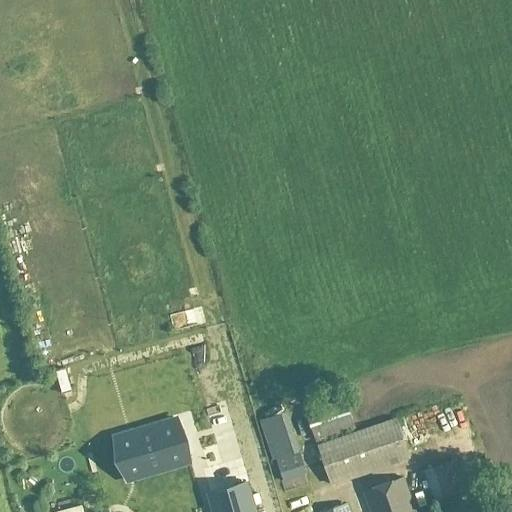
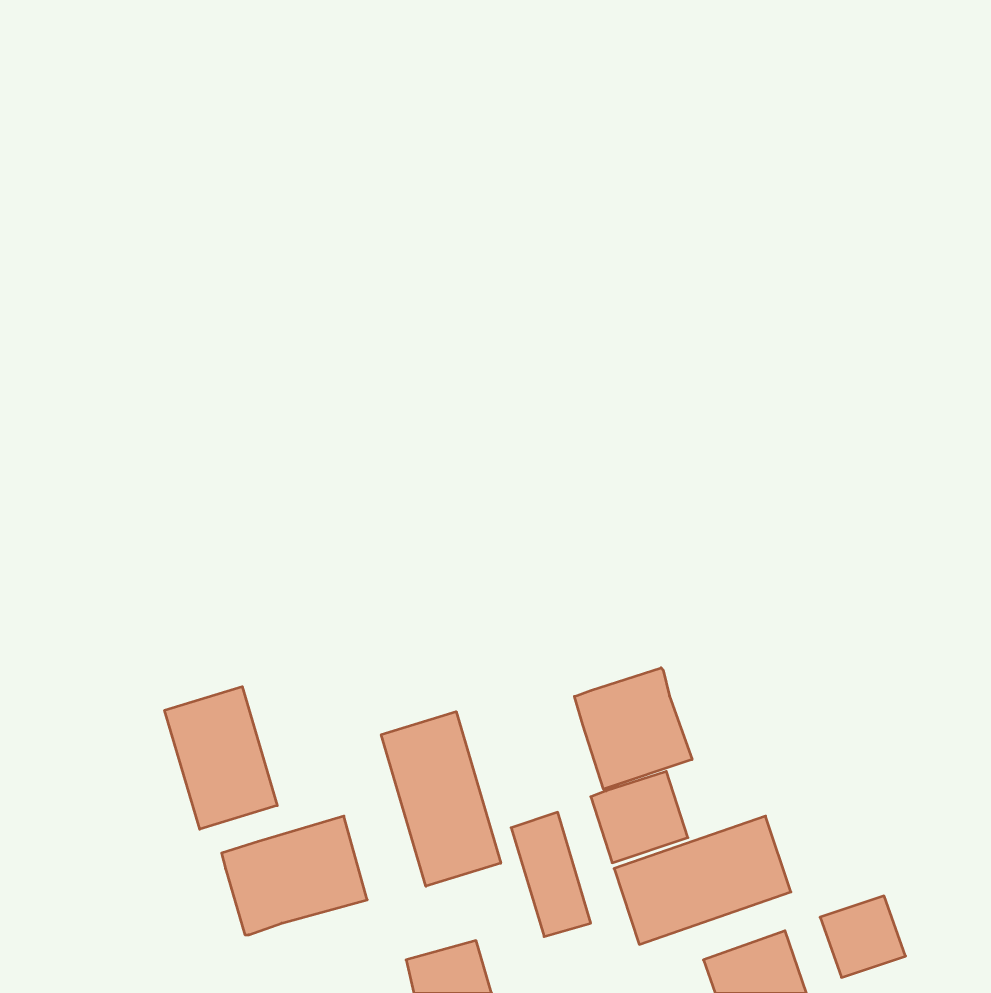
building: none -> [574,668,692,789]
building: none -> [165,687,277,829]
building: none -> [381,712,501,886]

